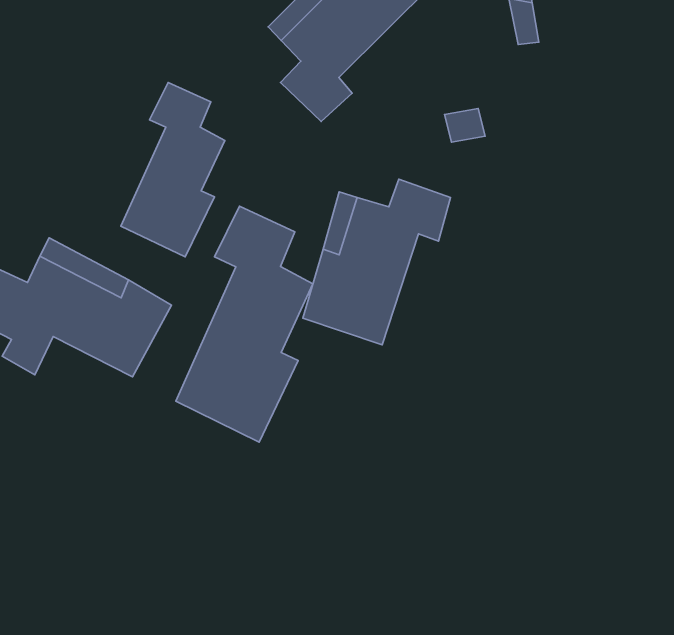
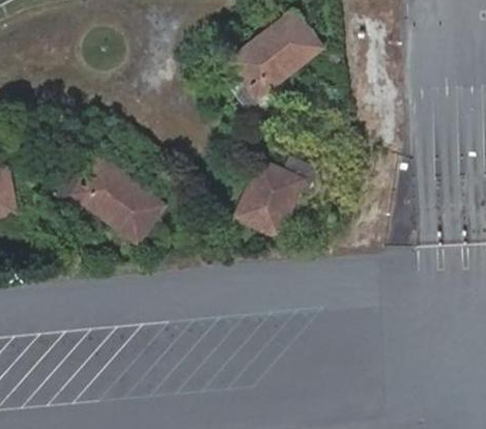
building: [121,83,225,257] -> none
building: [176,206,313,442] -> none

